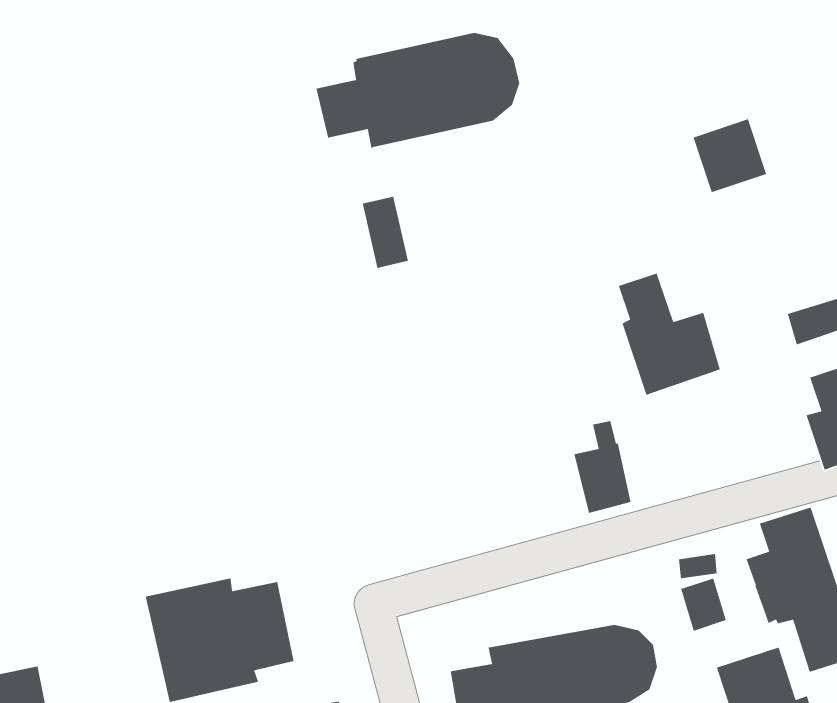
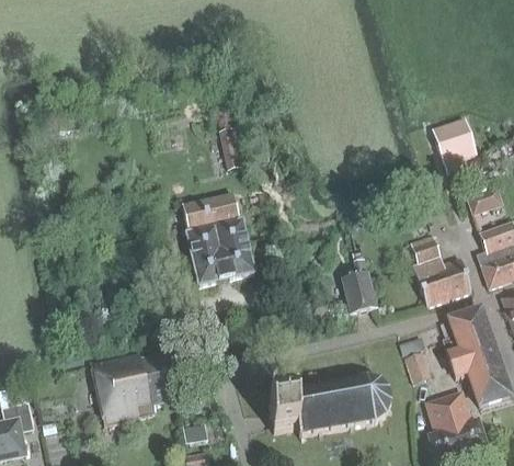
building: [316,32,520,149] -> none
building: [692,118,767,193] -> [433,117,477,161]
building: [618,272,721,396] -> [411,234,471,306]
building: none -> [183,194,255,285]

